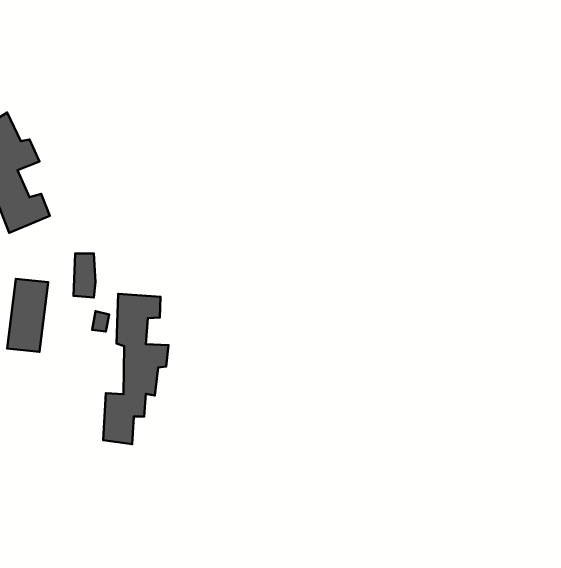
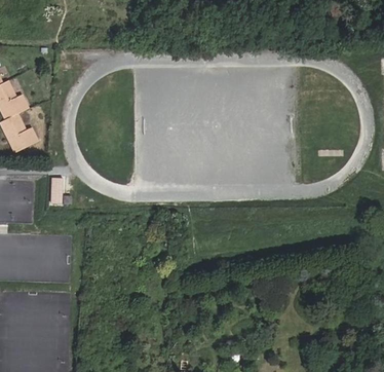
building: [103,294,169,444] -> none

